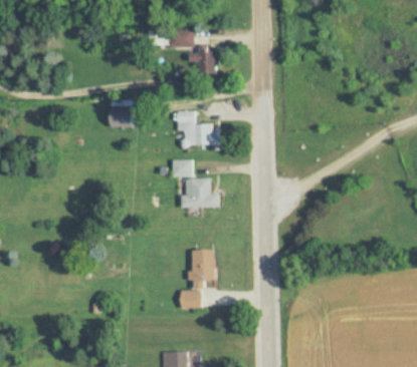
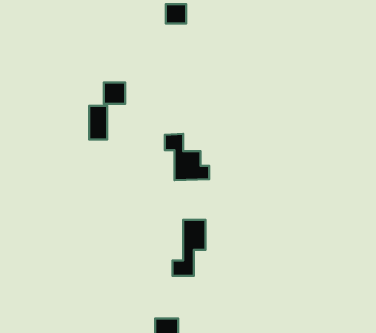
building: [189,50,218,74] -> none
building: [176,112,219,144] -> none
building: none -> [89,106,107,139]

